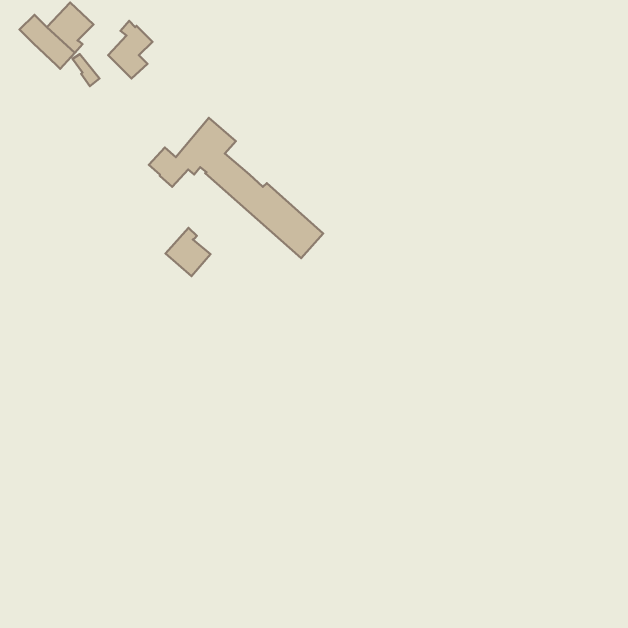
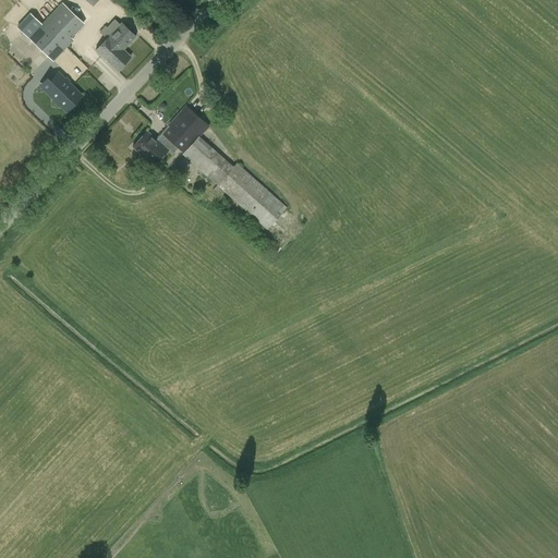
building: none -> [47,74,78,108]
building: [166,228,210,276] -> none

